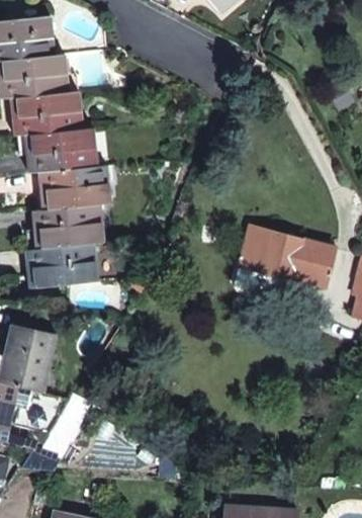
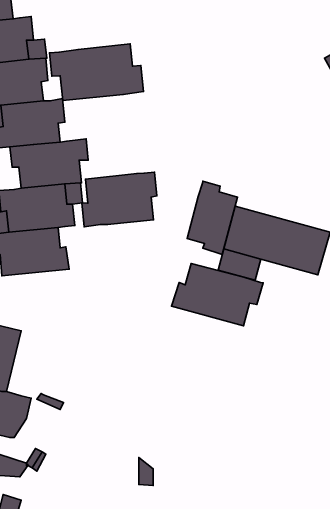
building: none -> [49,44,144,100]
building: none -> [82,172,157,227]
building: none -> [187,181,238,254]
building: none -> [171,263,263,326]

